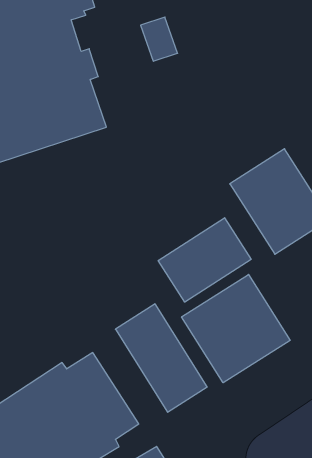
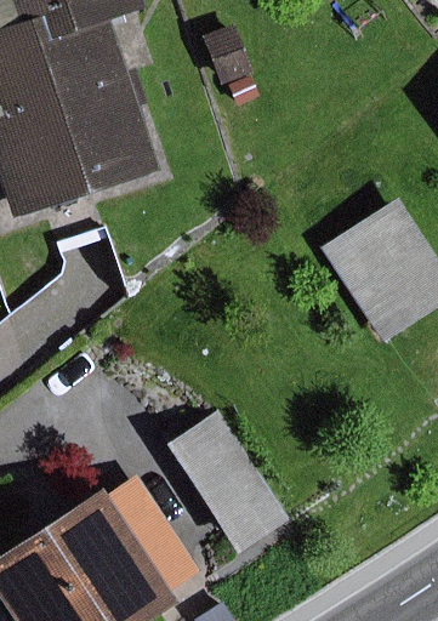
building: [158,218,251,302] -> none
building: [182,274,290,383] -> none

